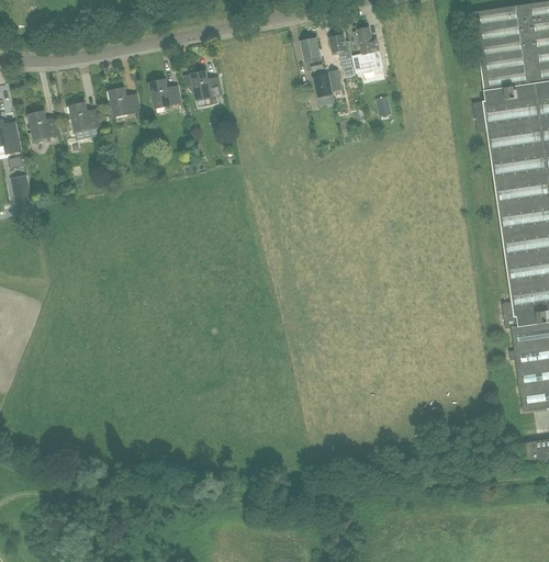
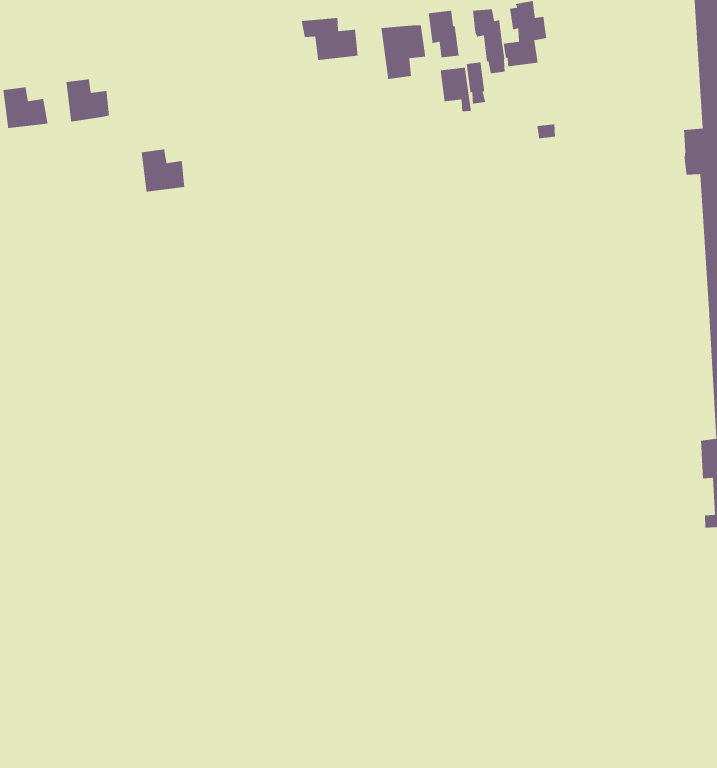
building: none -> [380,24,426,80]
building: [182,70,222,100] -> [301,17,358,61]
building: [149,79,181,108] -> none
building: [109,87,139,116] -> [141,149,185,193]

